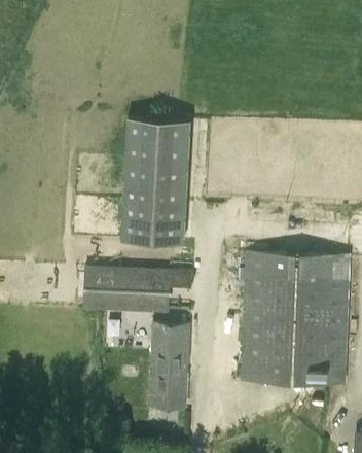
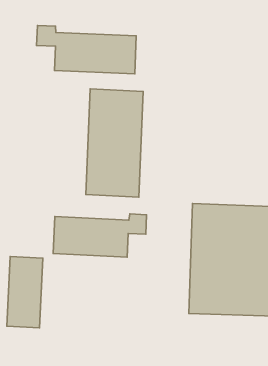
building: none -> [37,26,136,74]
building: [148,324,190,408] -> [7,257,43,328]

